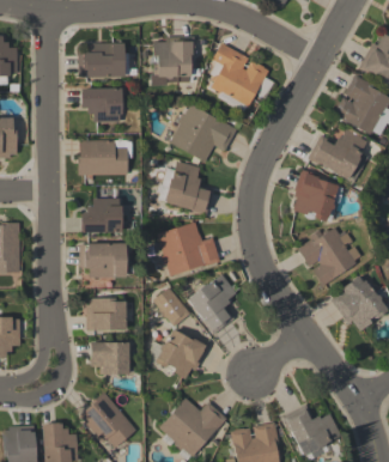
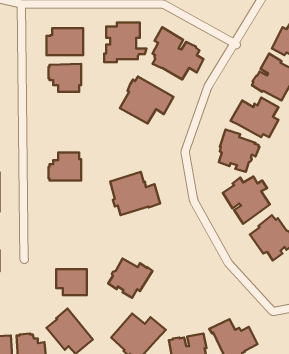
building: [78,139,133,175] -> none
building: [164,160,214,214] -> none
building: [80,243,127,278] -> none
building: [187,273,237,335] -> none
building: [153,286,192,326] -> none
building: [86,298,127,330] -> none

